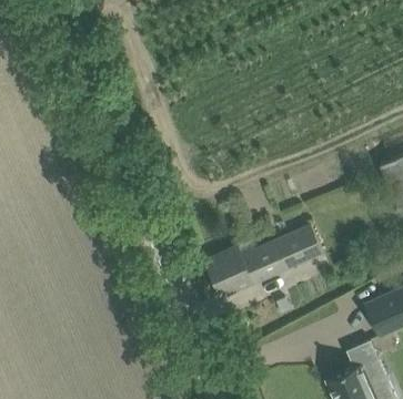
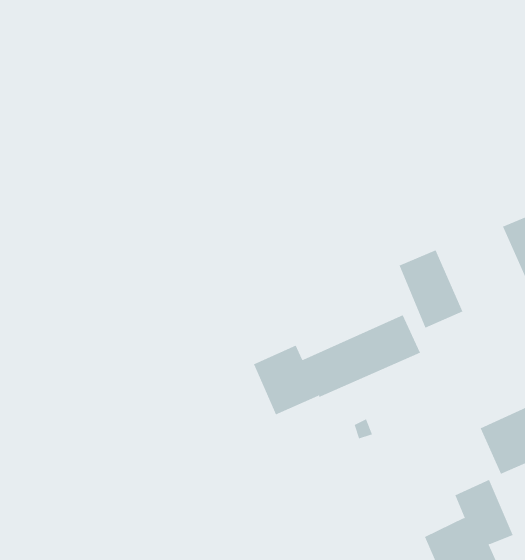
building: none -> [399,250,463,328]

